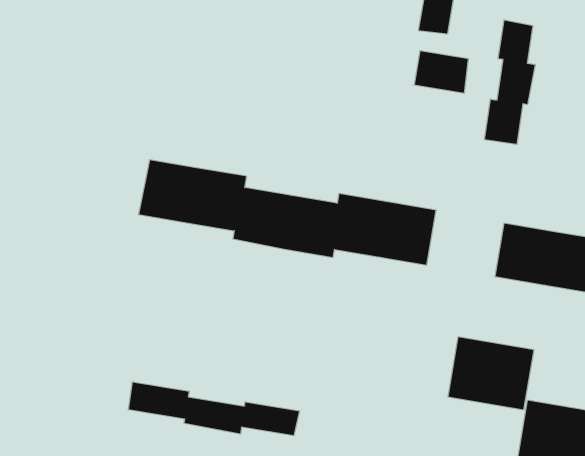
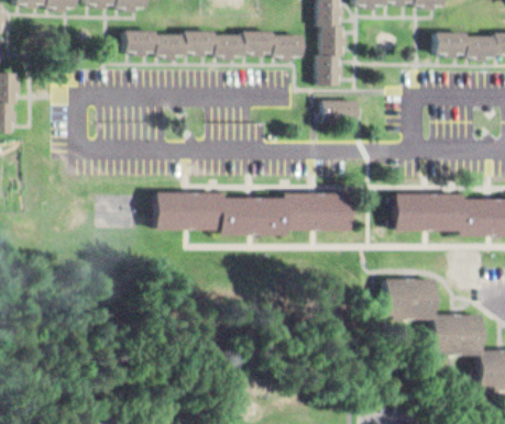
building: [485,20,535,145] -> none
building: [128,382,300,436] -> none

